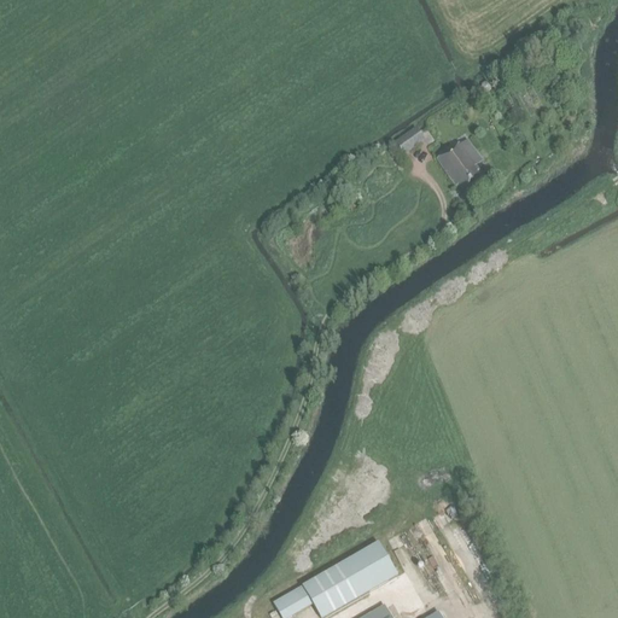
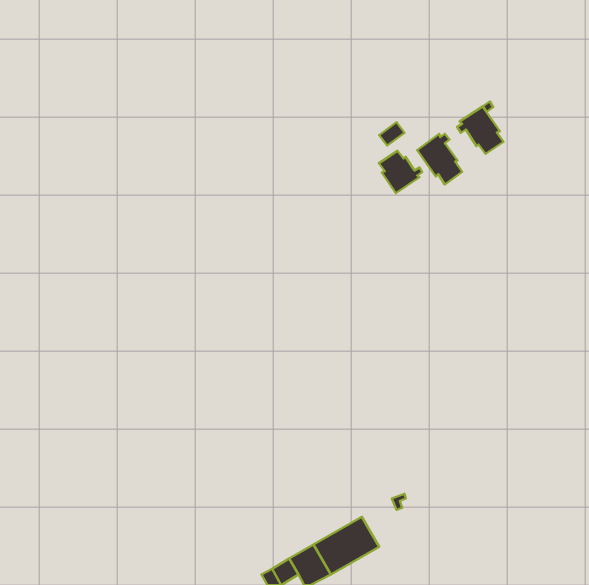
building: none -> [457,106,504,154]
building: none -> [379,151,422,193]

